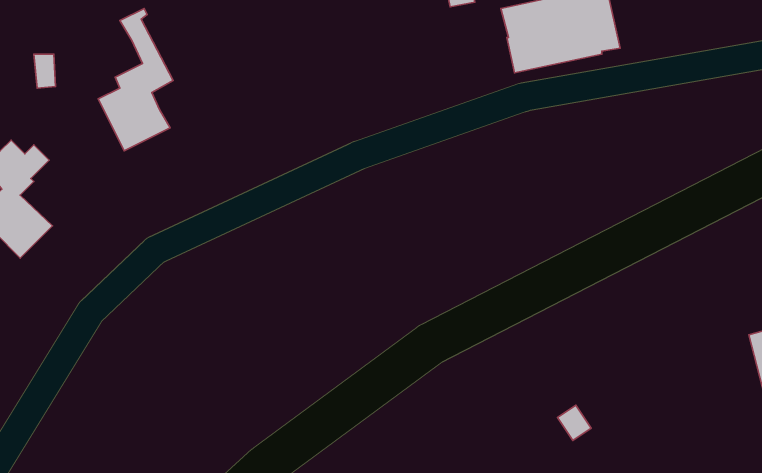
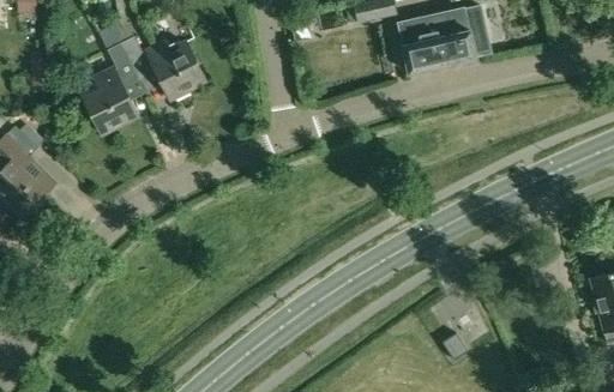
building: none -> [116,23,206,97]

